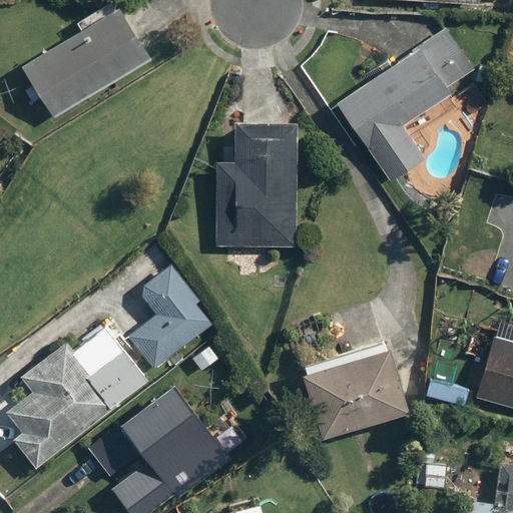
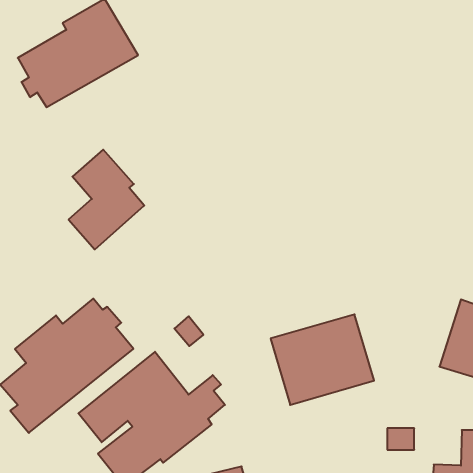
building: [334,29,477,183] -> none
building: [216,120,297,249] -> none
building: [131,265,212,372] -> [69,150,144,249]

